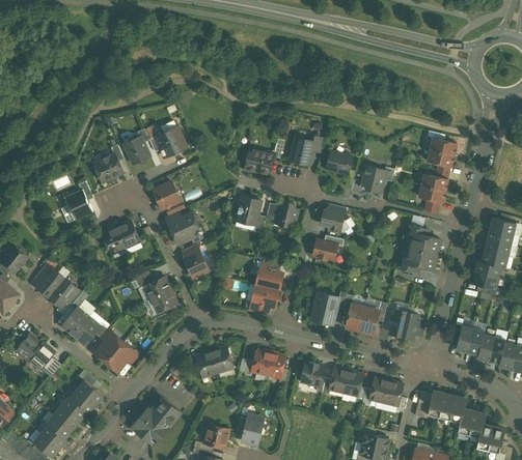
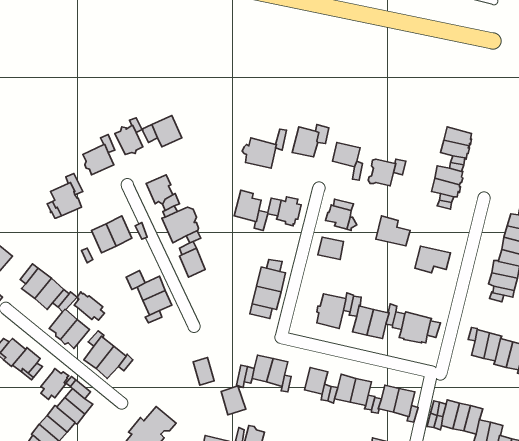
building: [408,226,440,254] -> [376,216,410,246]
building: none -> [74,292,105,320]
building: [210,346,232,373] -> [221,386,246,415]
building: none -> [41,369,69,400]

